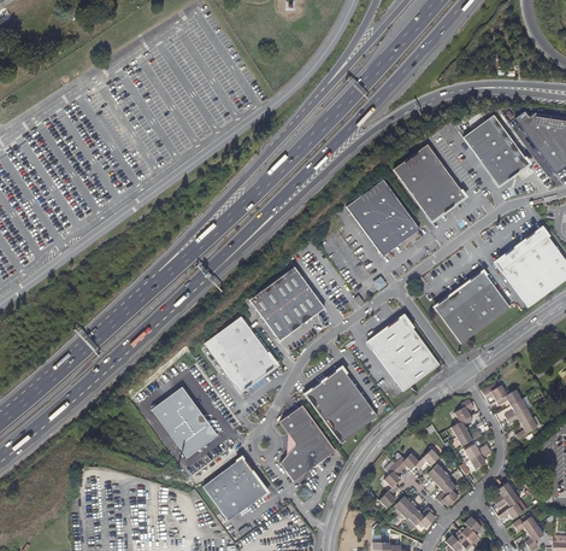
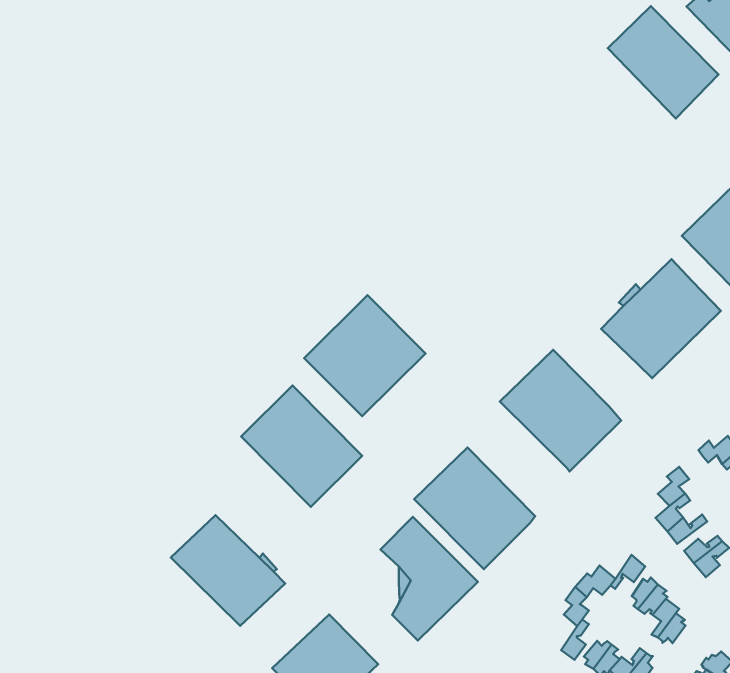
building: [394,143,466,219] -> none
building: [347,178,420,256] -> none

